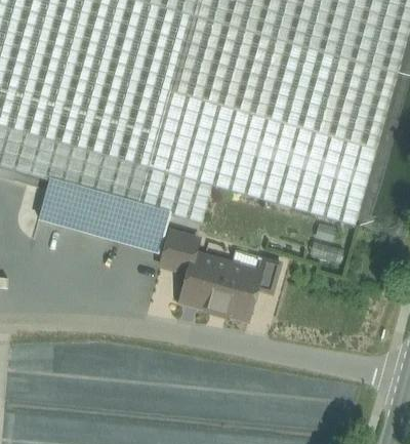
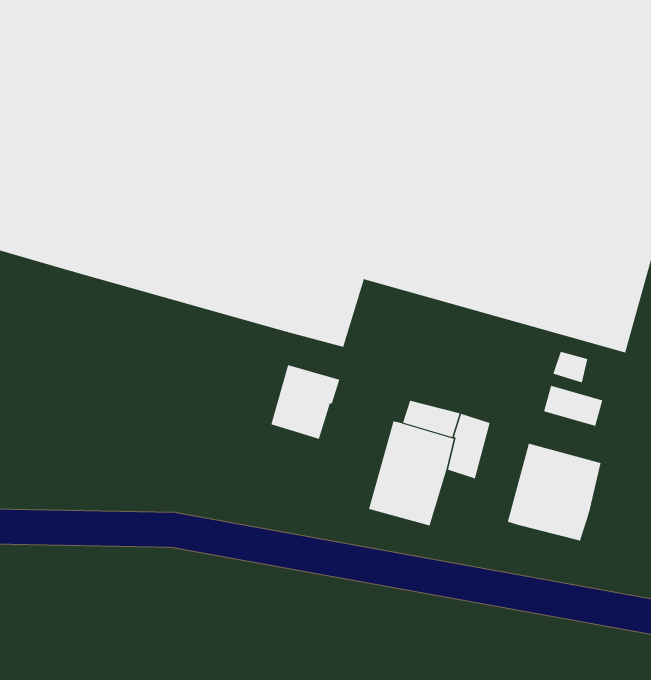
building: [42,183,170,252] -> none
building: [180,254,228,312] -> none
building: none -> [507,443,601,542]

